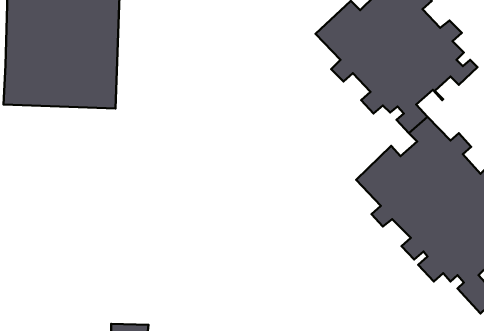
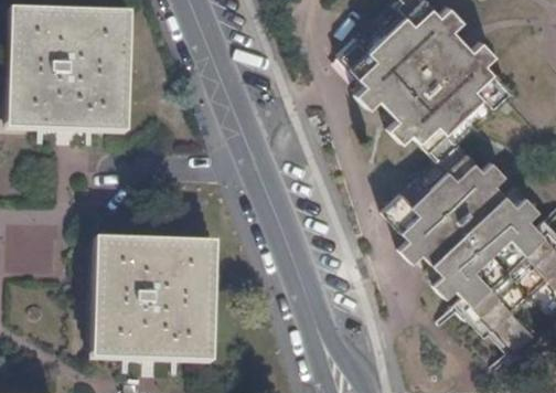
building: none -> [92,238,216,361]

